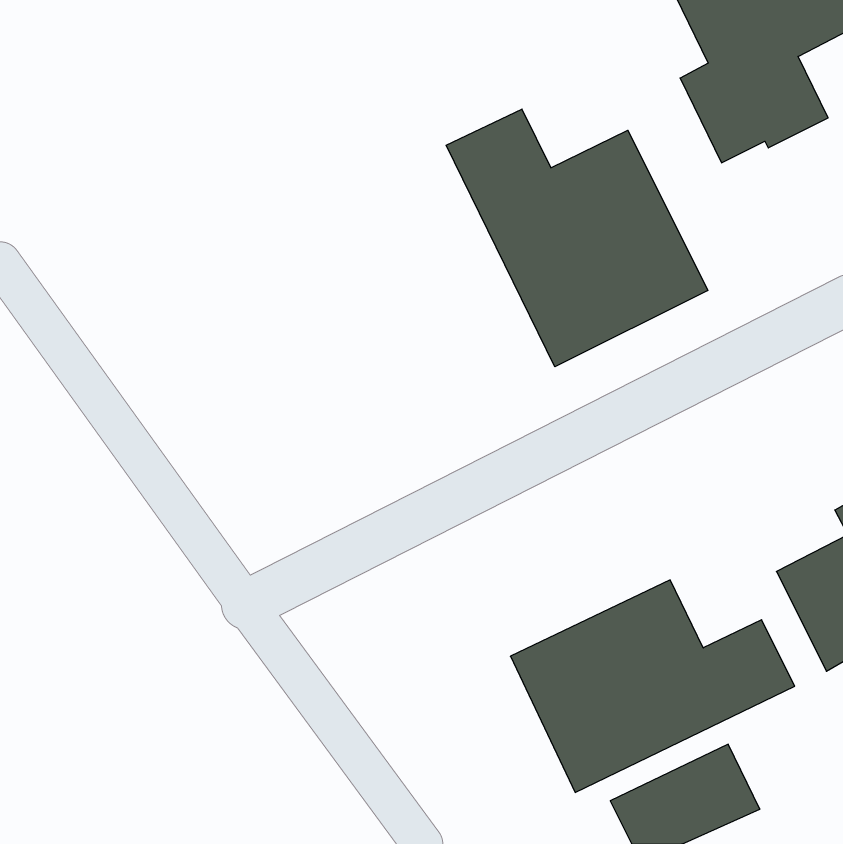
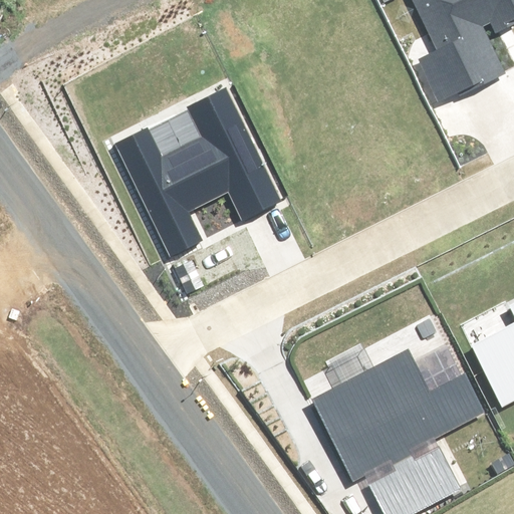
building: [446,109,708,367] -> none
building: none -> [110,87,283,259]

